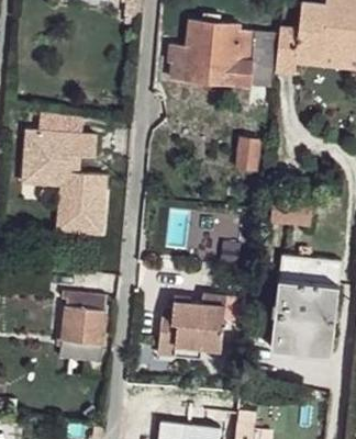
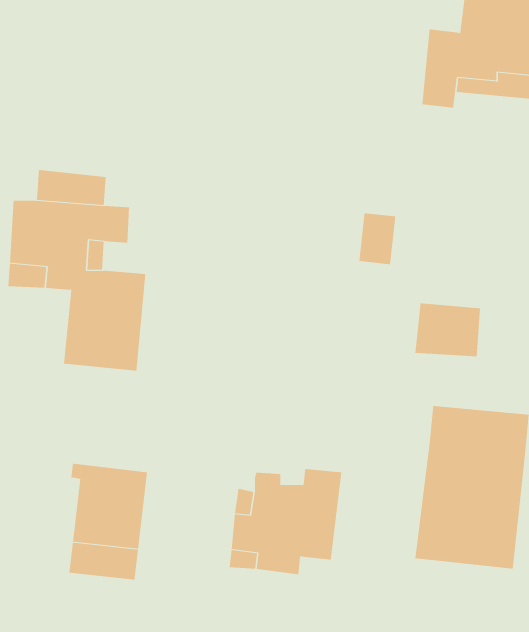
building: [169,13,275,87] -> none

